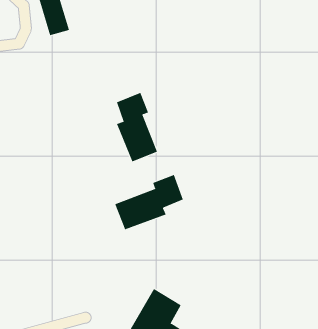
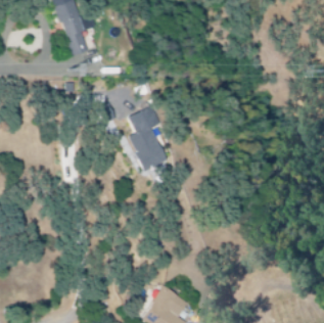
building: [114,174,184,230] -> none

